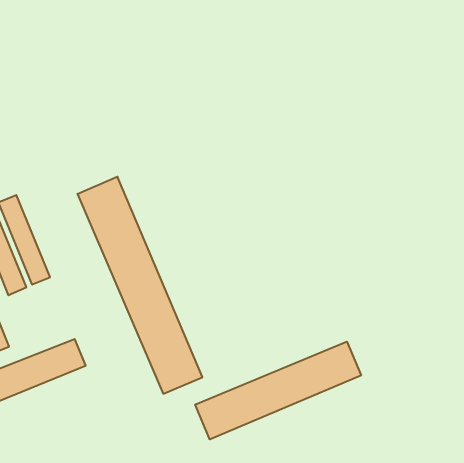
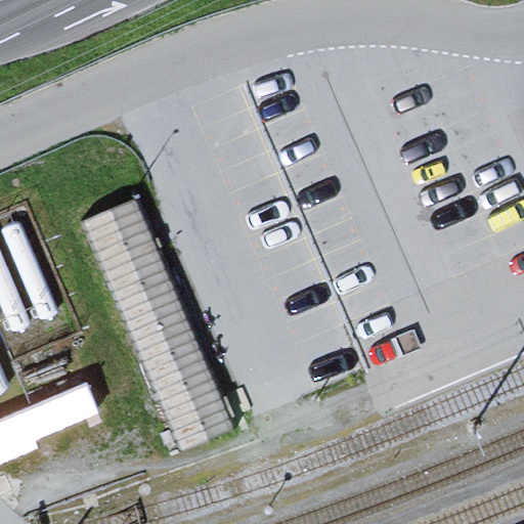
building: [195,342,361,439] -> none

